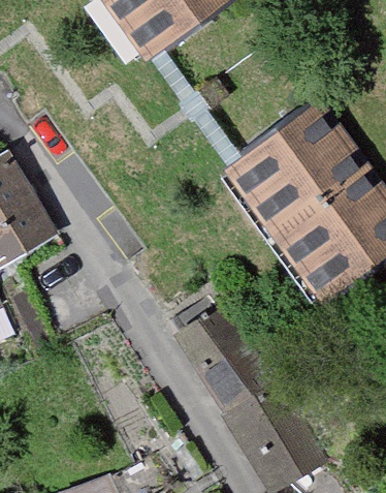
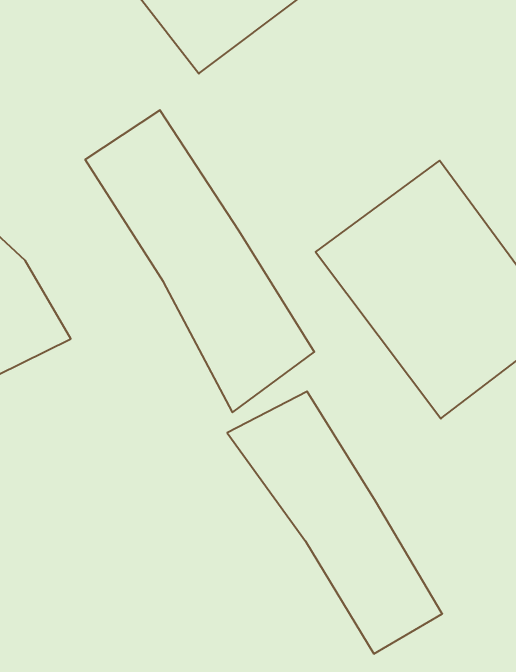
building: none -> [85,110,314,412]

